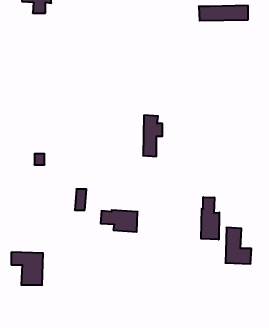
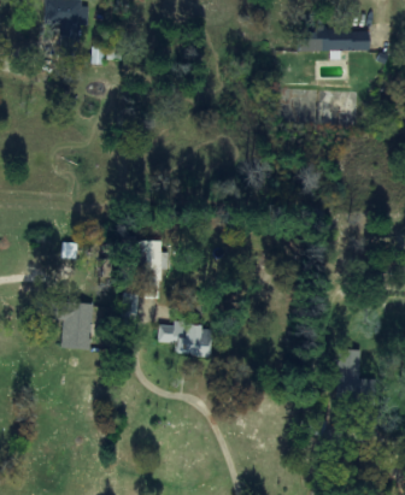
building: [143,115,162,156] -> [141,240,169,299]
building: [201,197,219,240] -> none
building: [11,252,43,285] -> [47,301,93,348]

